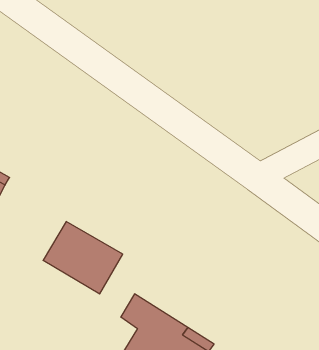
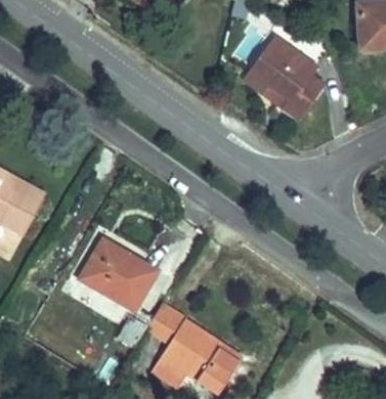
building: none -> [240,34,316,110]

